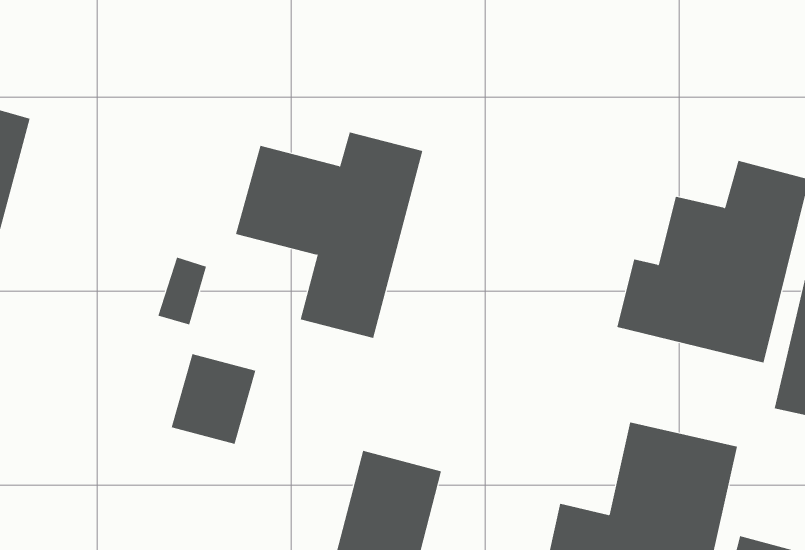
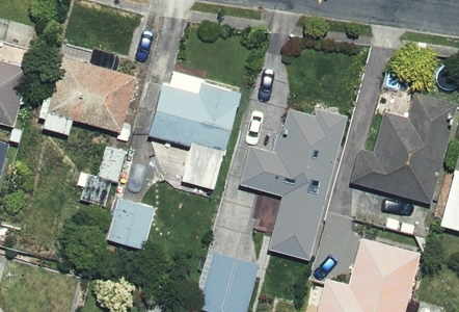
building: none -> [32,56,137,135]
building: none -> [236,105,349,258]

